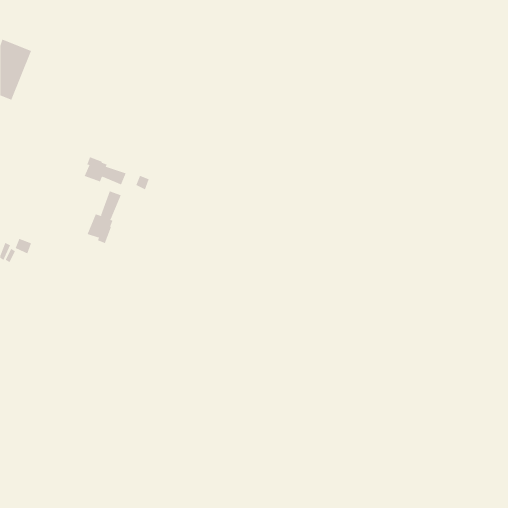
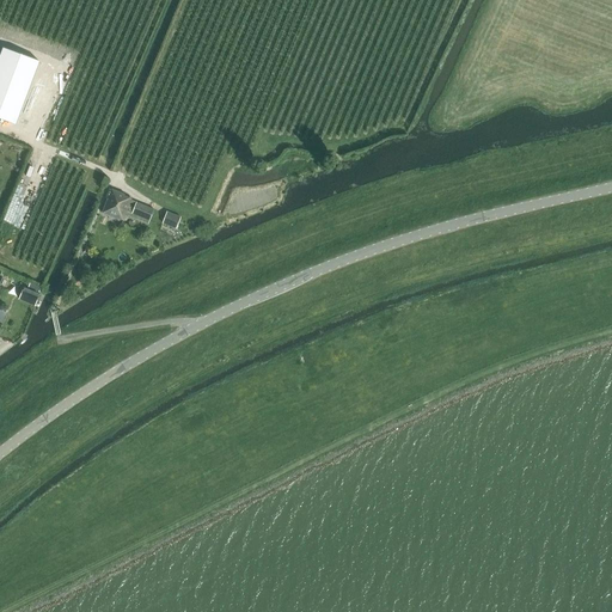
building: [87,191,121,244] -> none

